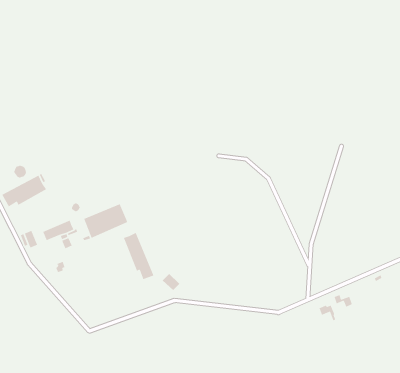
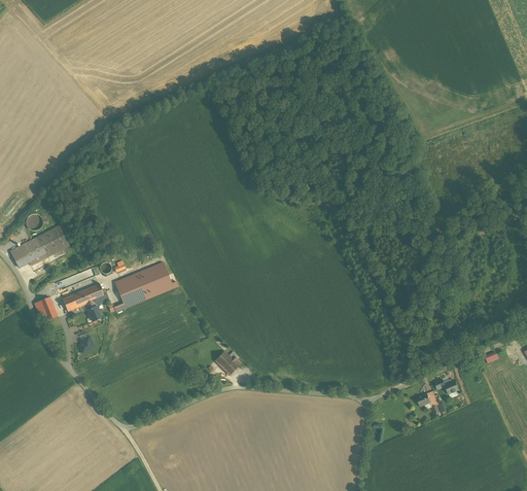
building: [123,232,154,280] -> none

